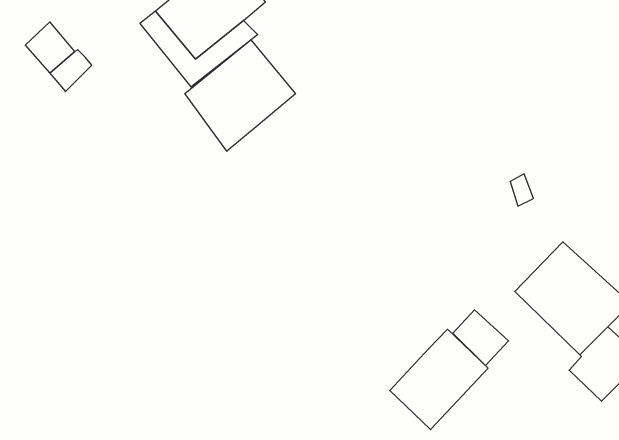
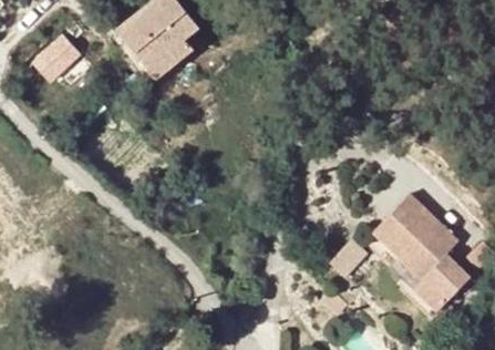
building: [185,40,295,151] -> none
building: [390,329,488,430] -> none

